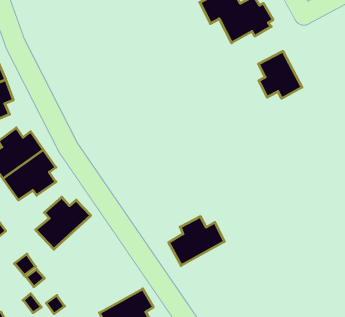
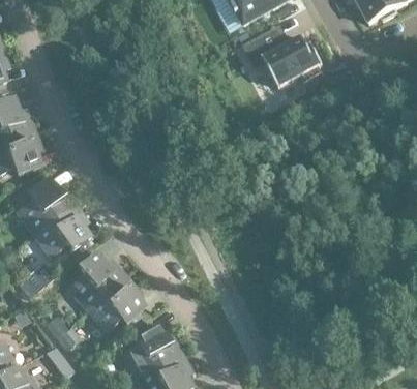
building: [258,51,302,98] -> none
building: none -> [87,272,143,329]
building: [169,217,224,266] -> [122,324,182,377]

